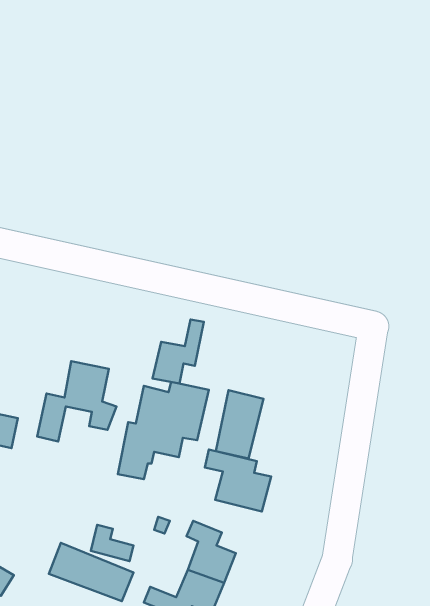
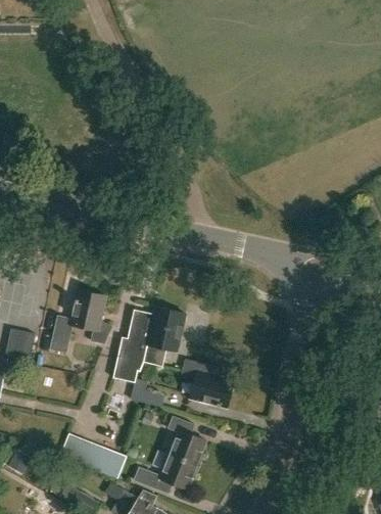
building: [153,319,204,383] -> none
building: [216,390,263,459] -> none
building: [91,525,134,561] -> [130,378,163,407]

